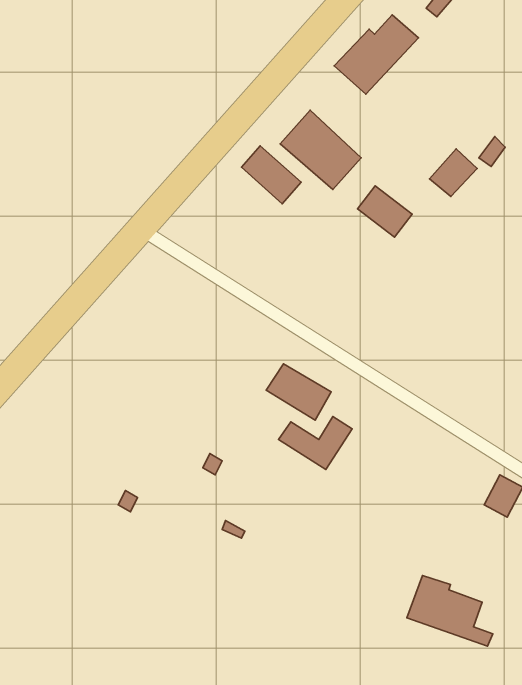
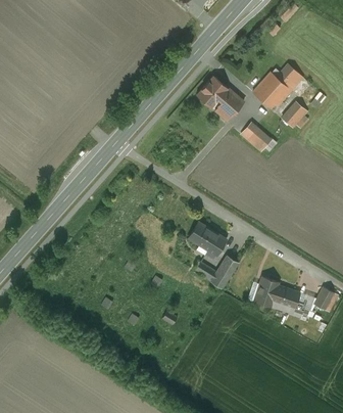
building: [334,15,418,94] -> [253,60,302,106]
building: [241,146,301,204] -> none
building: [407,576,493,646] -> [253,277,303,318]

